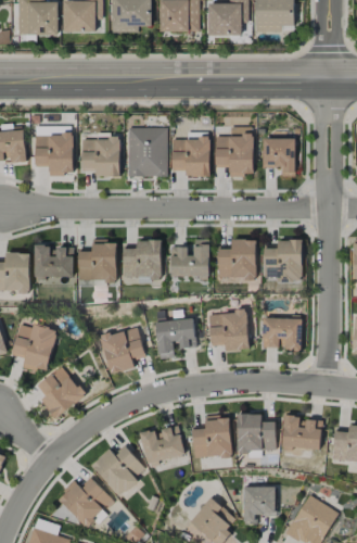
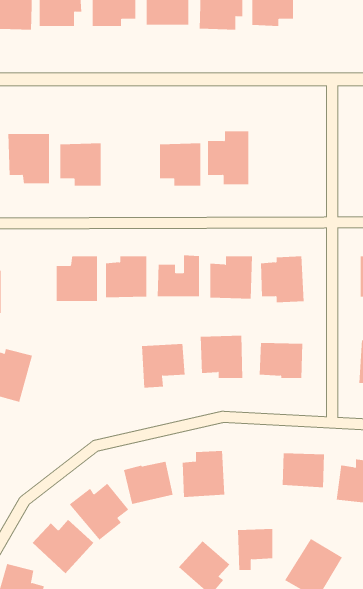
building: [127,127,167,177] -> none
building: [262,138,295,177] -> none
building: [34,244,73,277] -> none
building: [101,327,144,375] -> none
building: [36,366,85,419] -> none
building: [237,414,276,452] -> none

